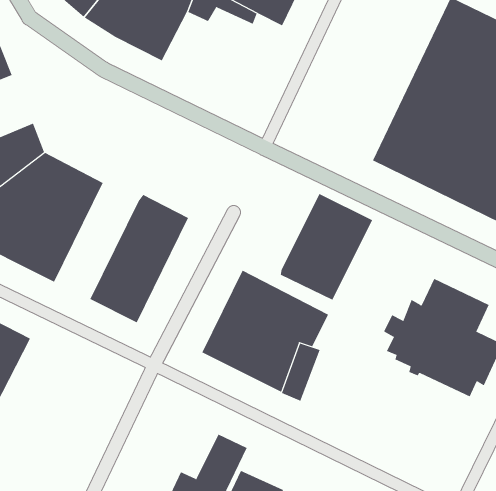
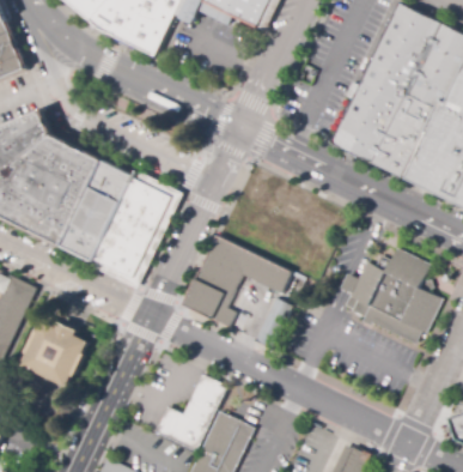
building: none -> [60,161,132,260]
building: [280,193,373,301] -> none
building: none -> [22,317,93,392]

